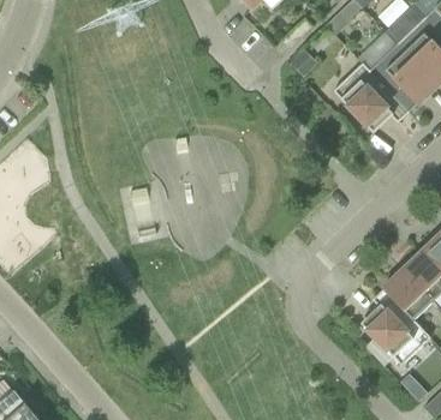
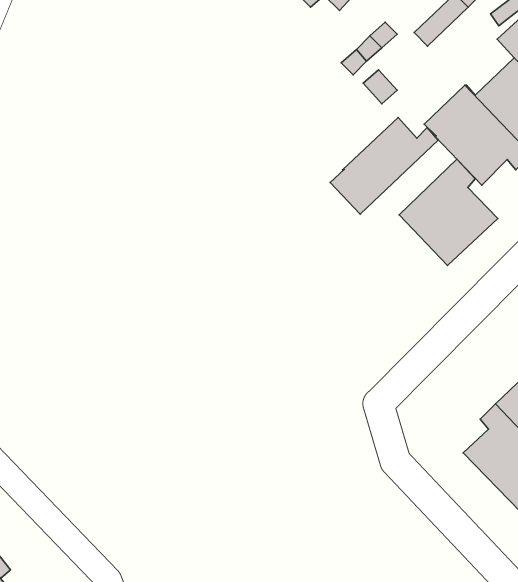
building: none -> [330,117,438,214]
building: none -> [399,159,498,266]

